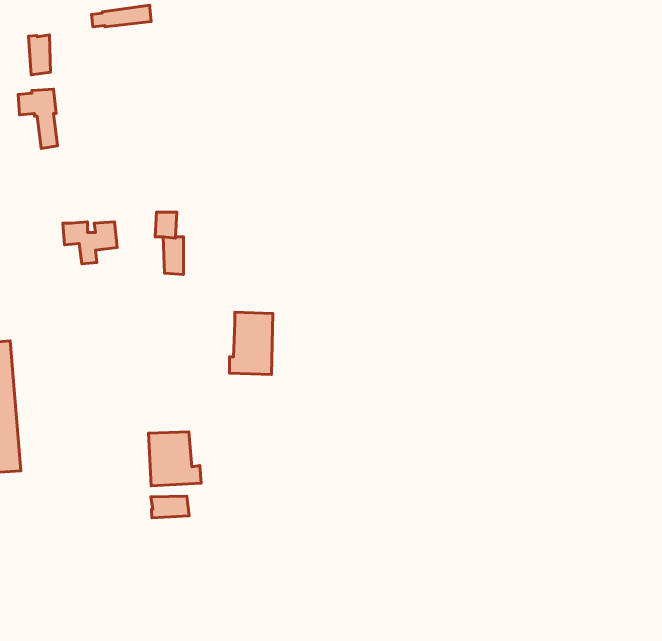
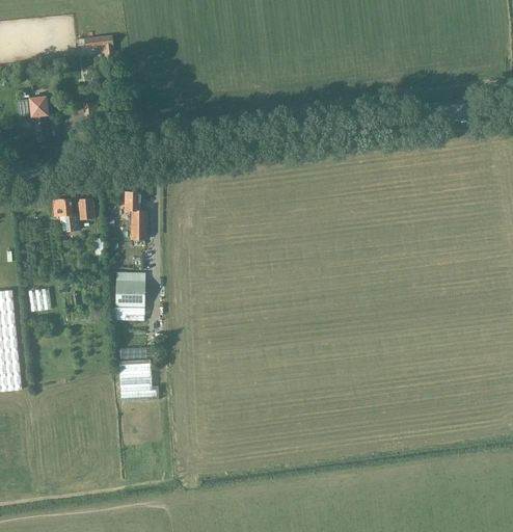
building: [29,35,51,75] -> none
building: [229,312,273,375] -> [111,271,144,319]
building: [151,496,189,518] -> none

